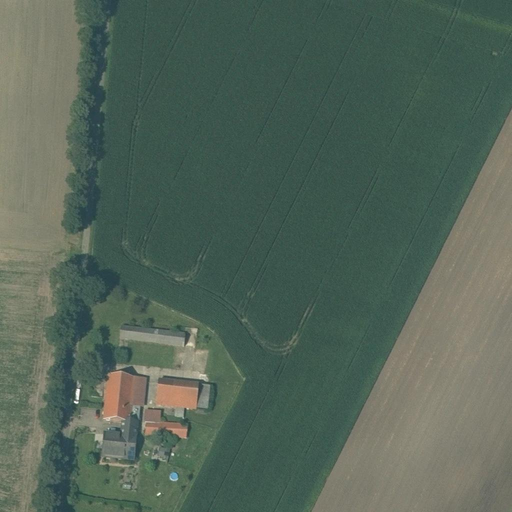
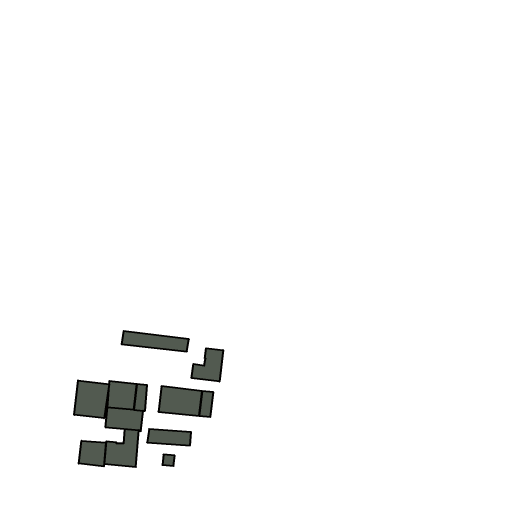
building: none -> [192,348,223,382]
building: none -> [74,380,109,418]
building: none -> [79,441,106,466]

